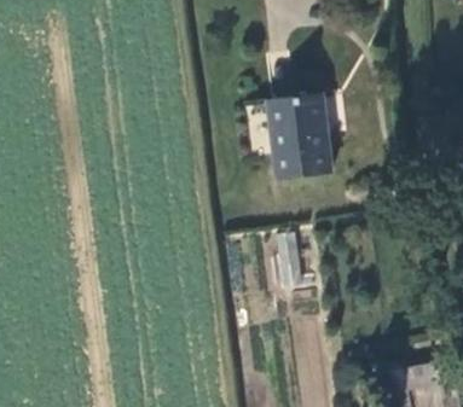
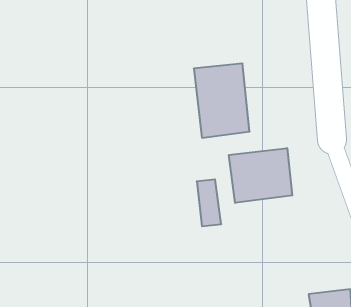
building: none -> [229,148,292,203]

